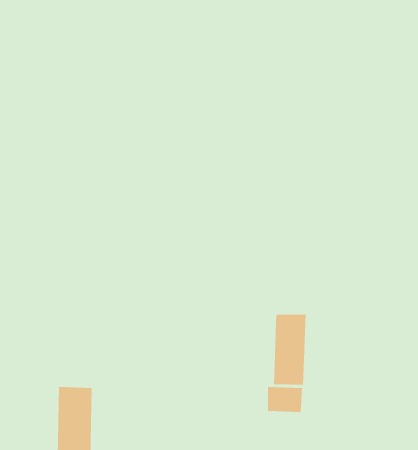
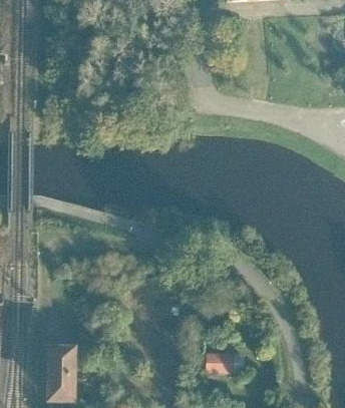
building: [273,314,306,385] -> none

